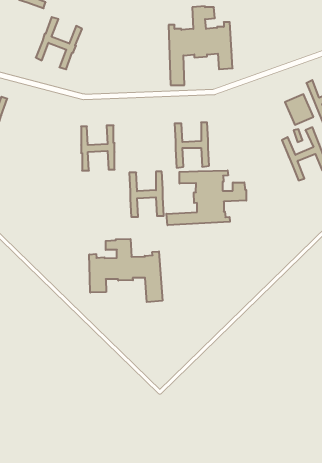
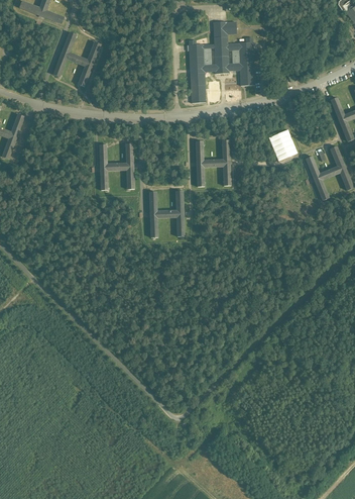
building: [285,94,313,125] -> [268,129,298,161]
building: [166,170,246,225] -> none
building: [89,239,162,302] -> none

